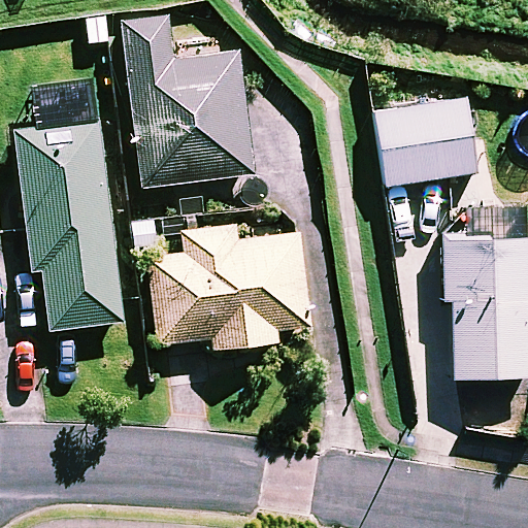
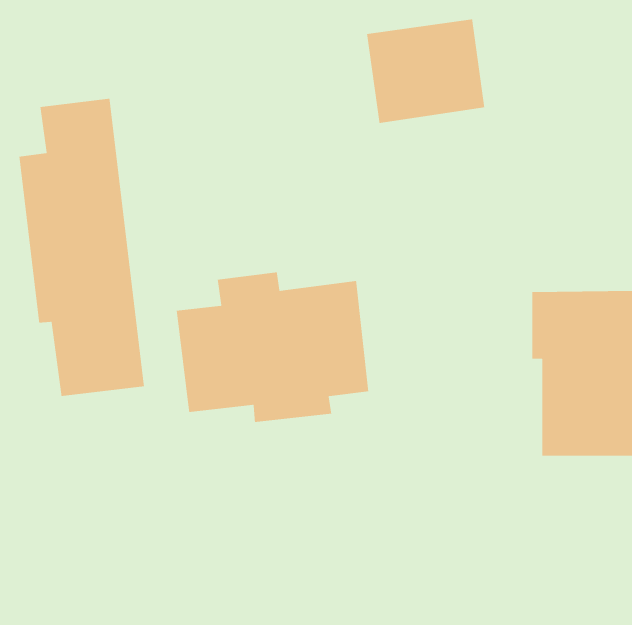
building: [124,16,253,187] -> none
building: [375,98,474,186] -> [366,19,485,124]

